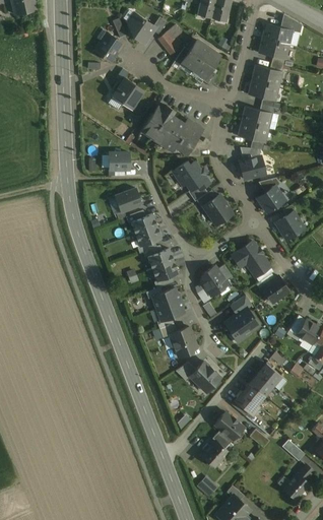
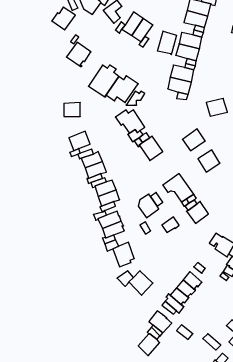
building: none -> [157,31,176,55]
building: [240,156,266,179] -> [206,98,227,116]
building: [225,308,259,336] -> none

